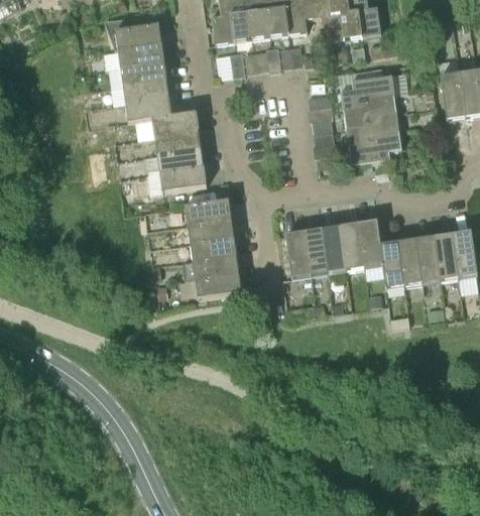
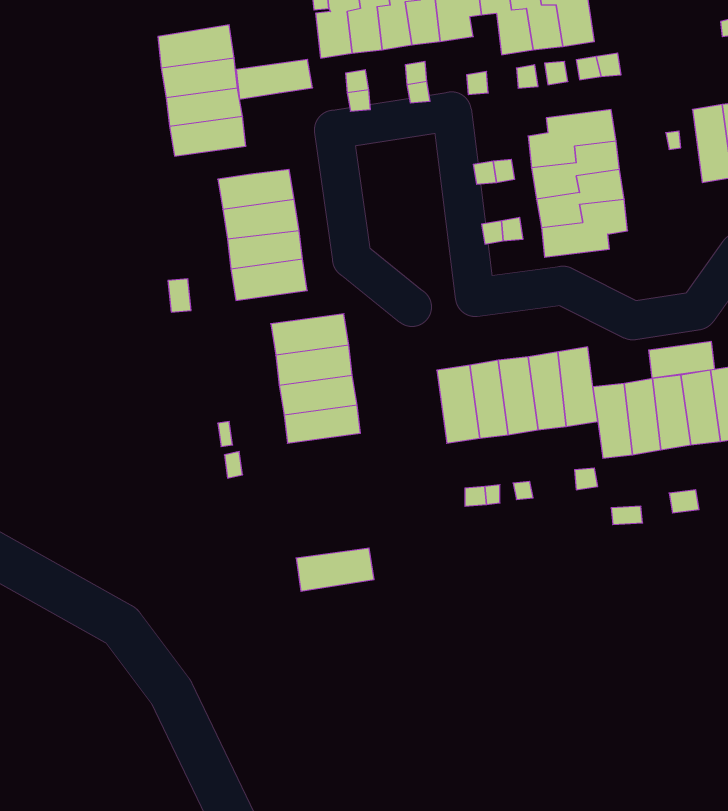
building: [125,97,171,121] -> [236,59,313,99]
building: none -> [649,341,715,378]
building: [194,271,241,297] -> [296,548,374,591]

